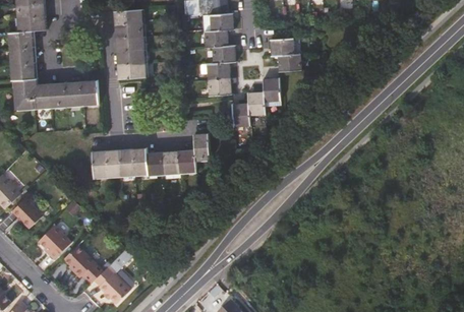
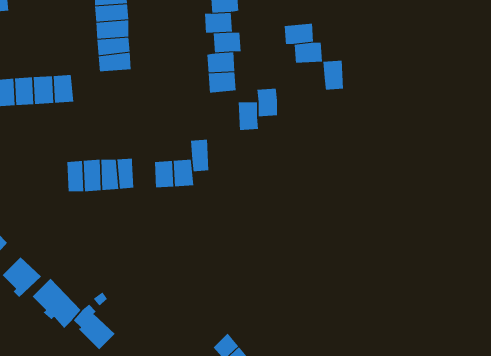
building: [263,77,280,102] -> [323,60,344,90]
building: [147,151,165,174] -> none

